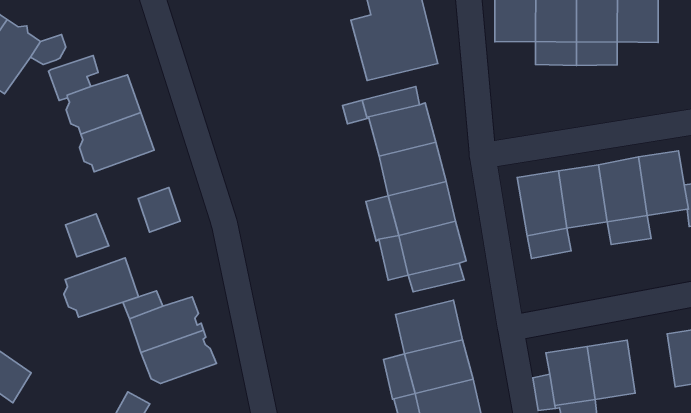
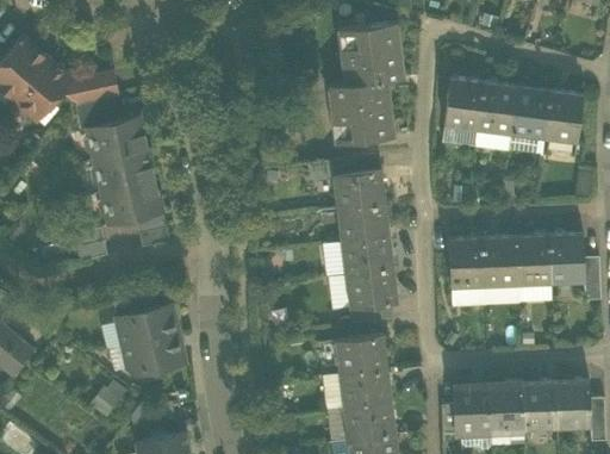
building: none -> [71,71,119,105]
building: [64,258,139,317] -> [100,181,161,225]
building: none -> [522,383,556,428]

